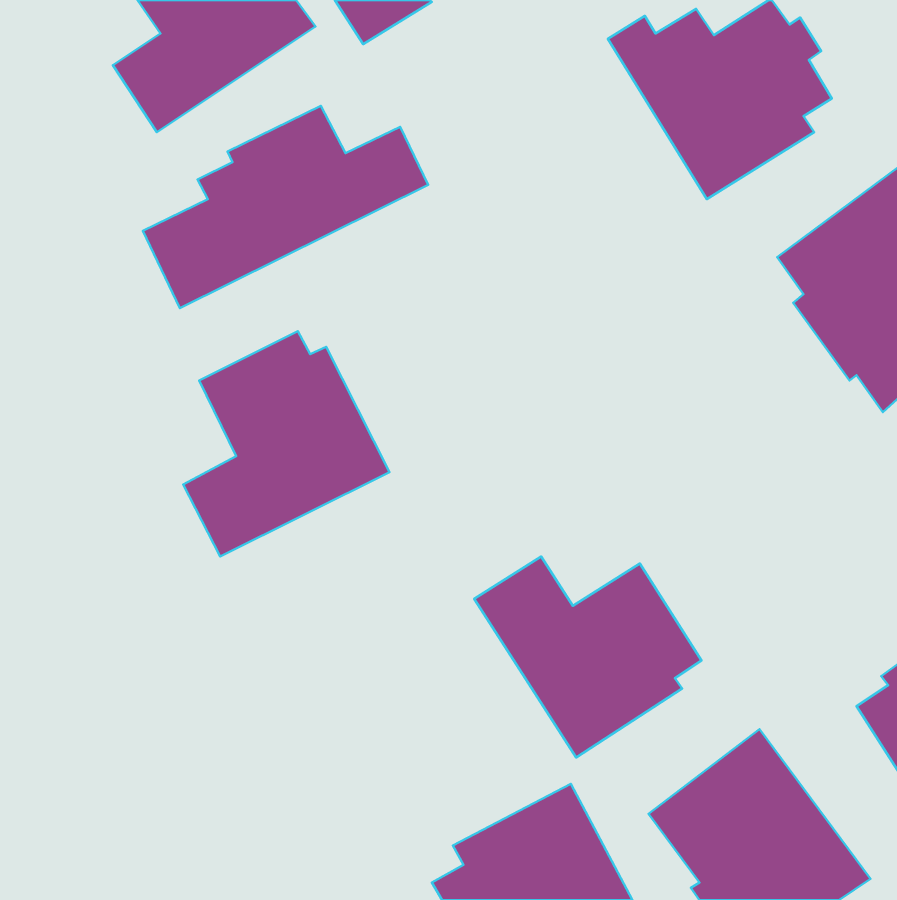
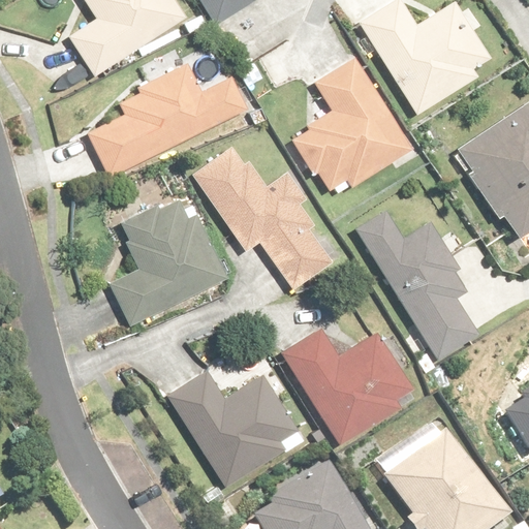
building: none -> [290,55,414,191]
building: none -> [193,143,334,289]
building: none -> [354,208,478,357]
building: none -> [167,369,300,488]

